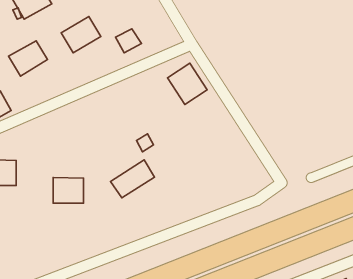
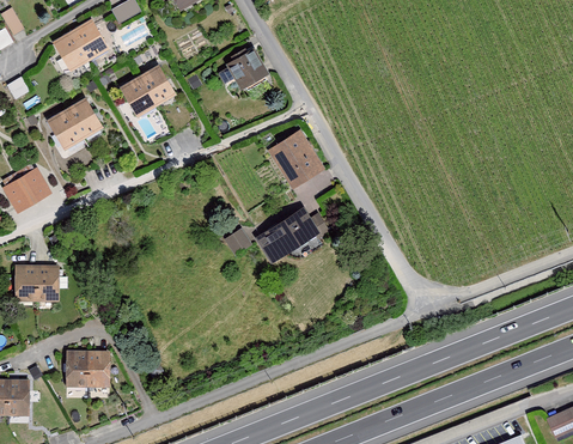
building: [116,29,141,53] -> [232,53,268,86]
building: [111,160,155,198] -> [257,211,318,263]
building: [53,177,83,203] -> [67,352,109,388]

